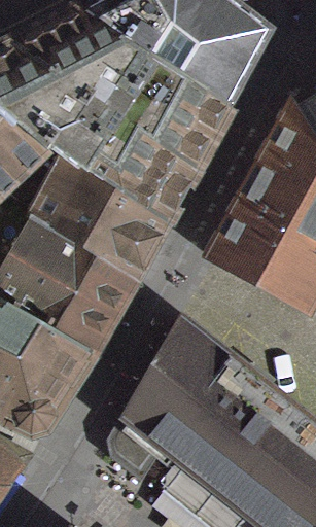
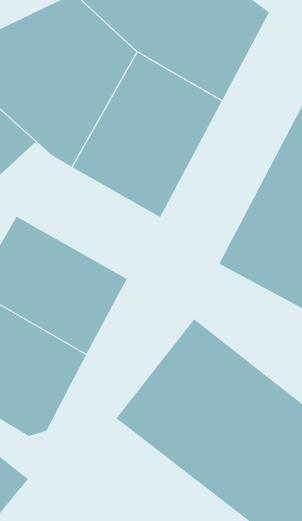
building: [19,171,157,290] -> none

